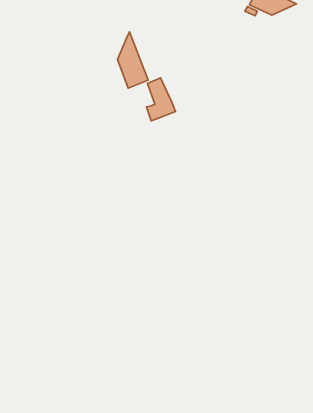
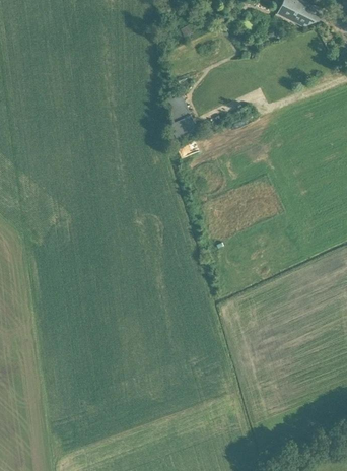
building: [118,32,148,88] -> none

